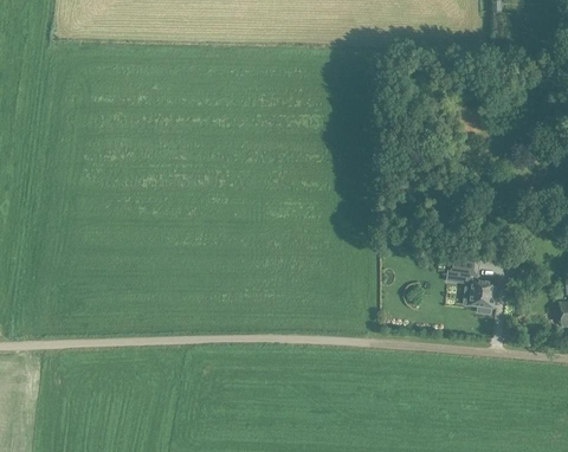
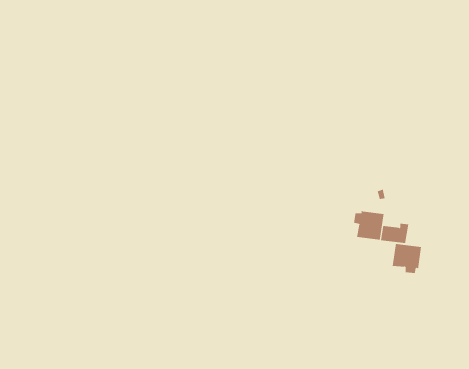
building: none -> [353,210,384,240]

